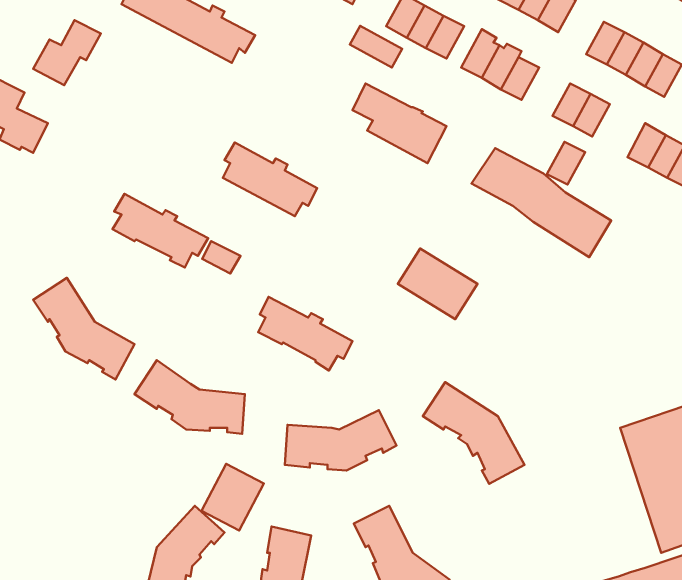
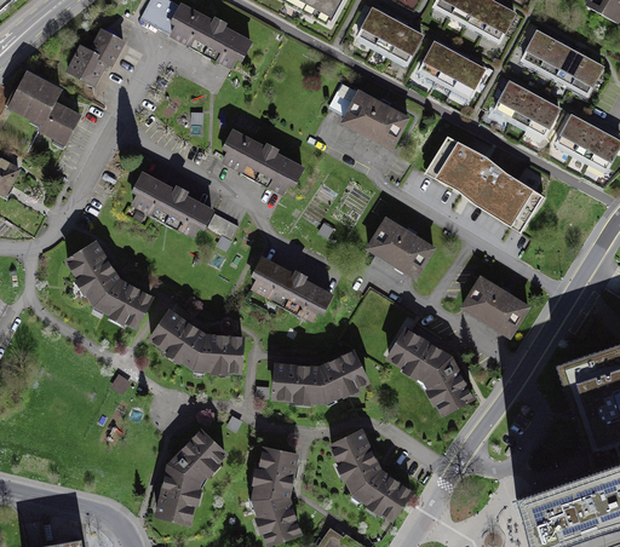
building: [350,26,402,68] -> none
building: [547,142,585,185] -> [528,99,559,134]
building: none -> [464,276,528,334]
building: [201,464,264,531] -> none

